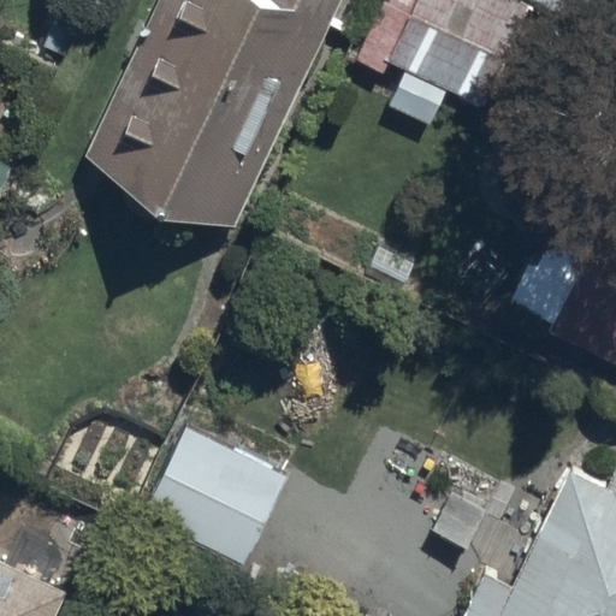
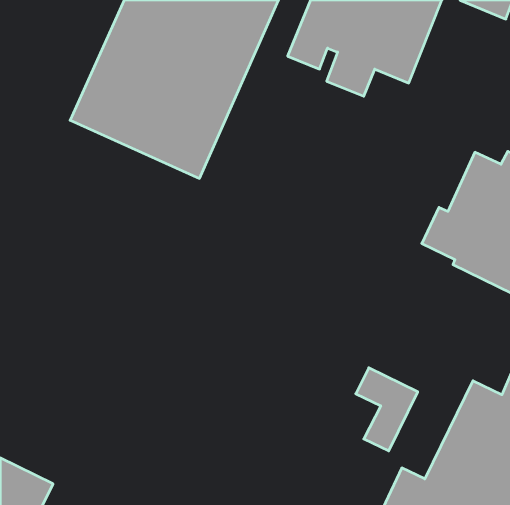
building: [140,426,286,565] -> none

